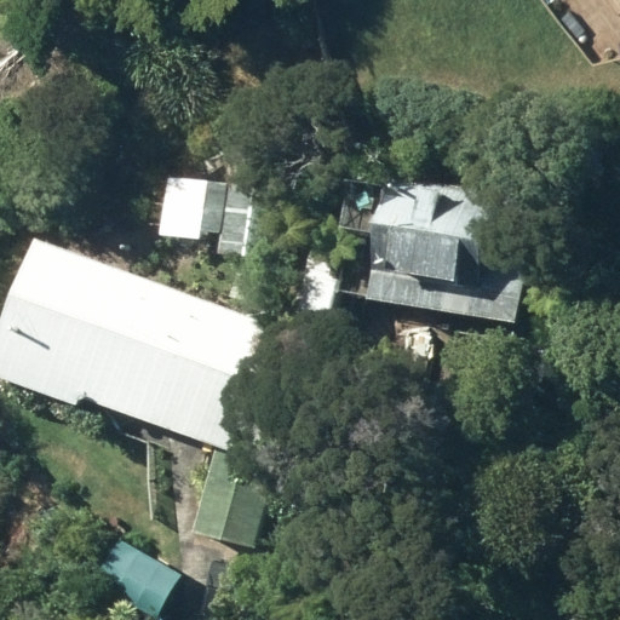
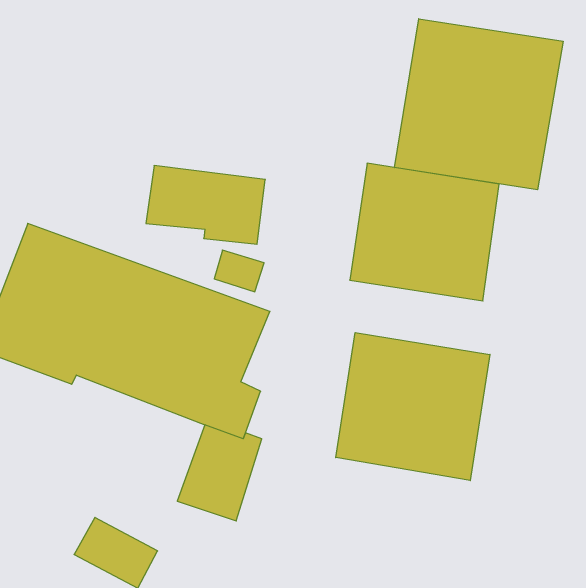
building: none -> [395,19,563,190]
building: none -> [336,333,490,481]

